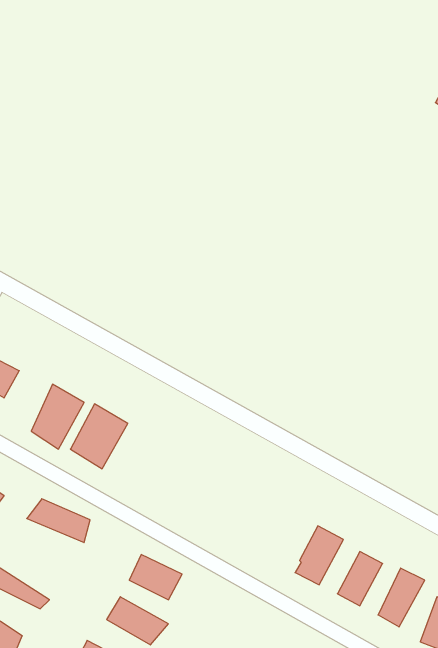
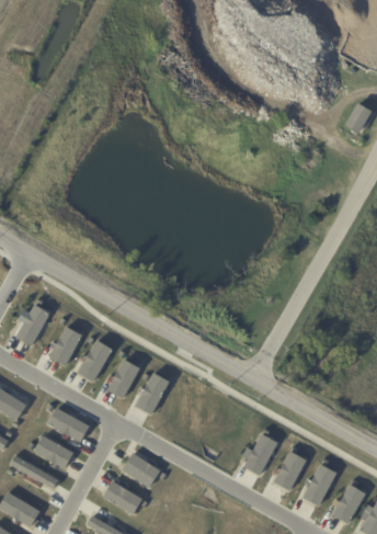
building: none -> [107,361,144,405]
building: none -> [134,372,178,420]
building: none -> [33,438,75,471]

